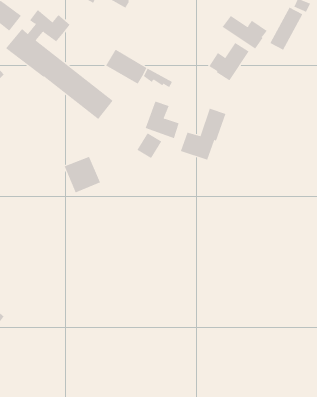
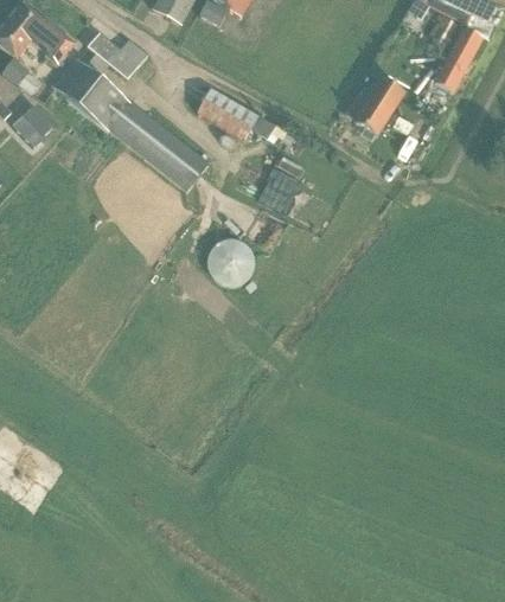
building: [222,15,267,50] -> none
building: [180,108,226,160] -> none
building: [64,156,101,193] -> [202,236,255,289]

